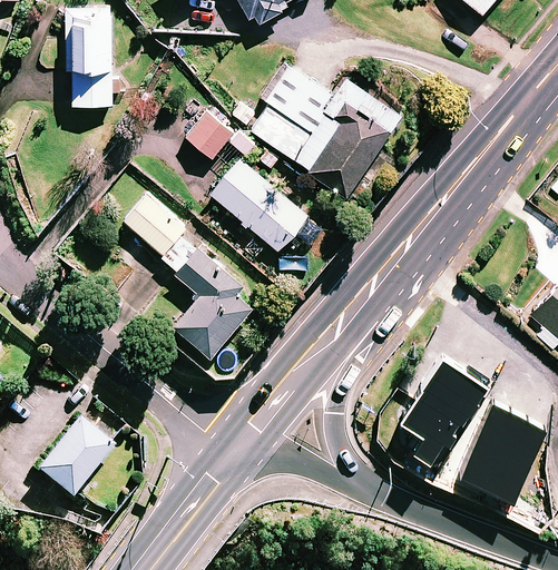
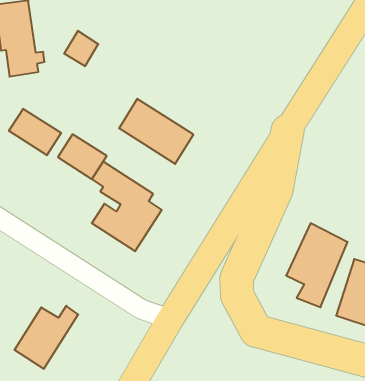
building: [253,66,400,196] -> none
building: [184,111,231,159] -> [64,31,98,66]
building: none -> [9,109,61,155]

